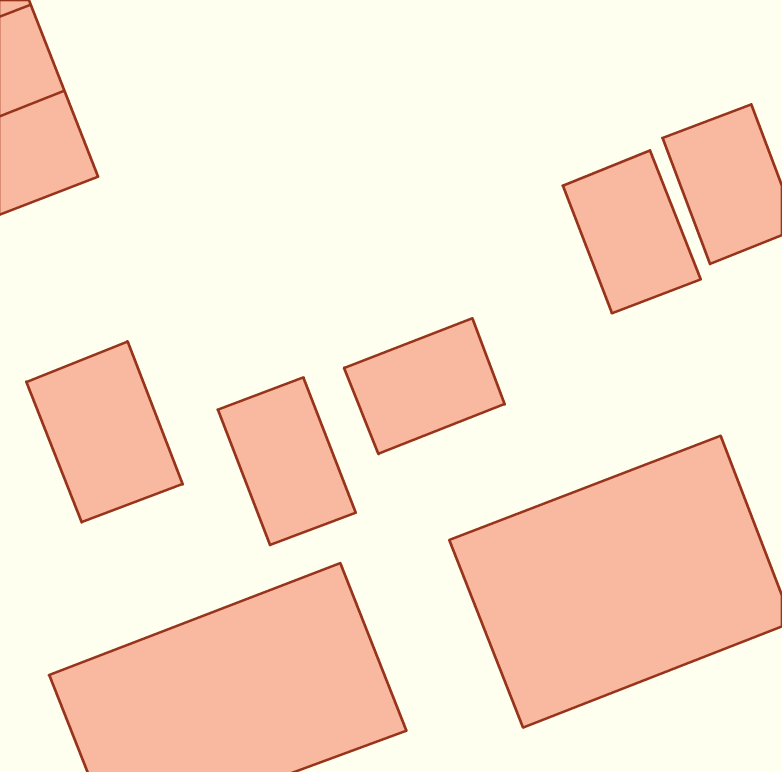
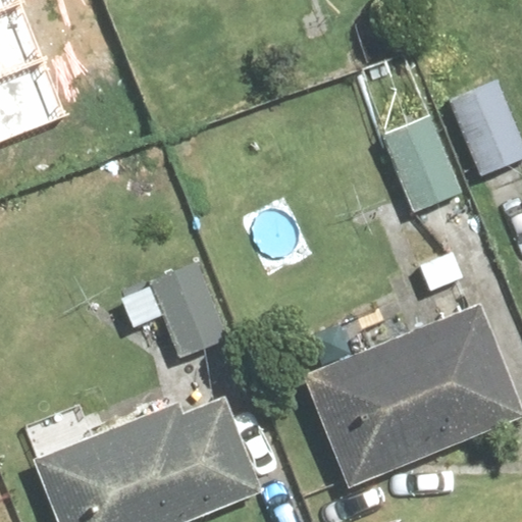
building: [344,318,505,454] -> none
building: [26,341,183,522] -> none

